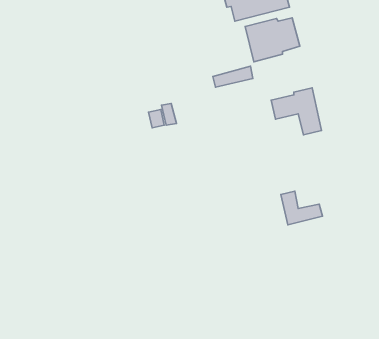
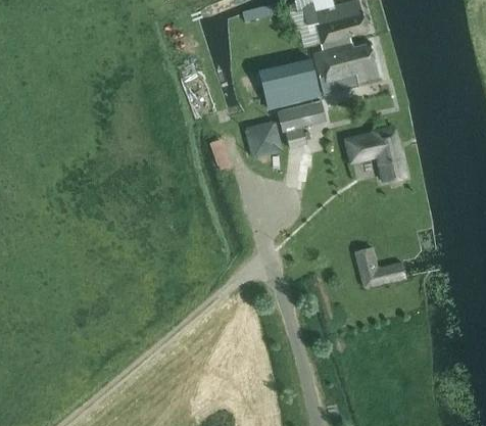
building: none -> [258,57,320,107]
building: none -> [280,113,326,146]
building: none -> [241,125,272,160]

